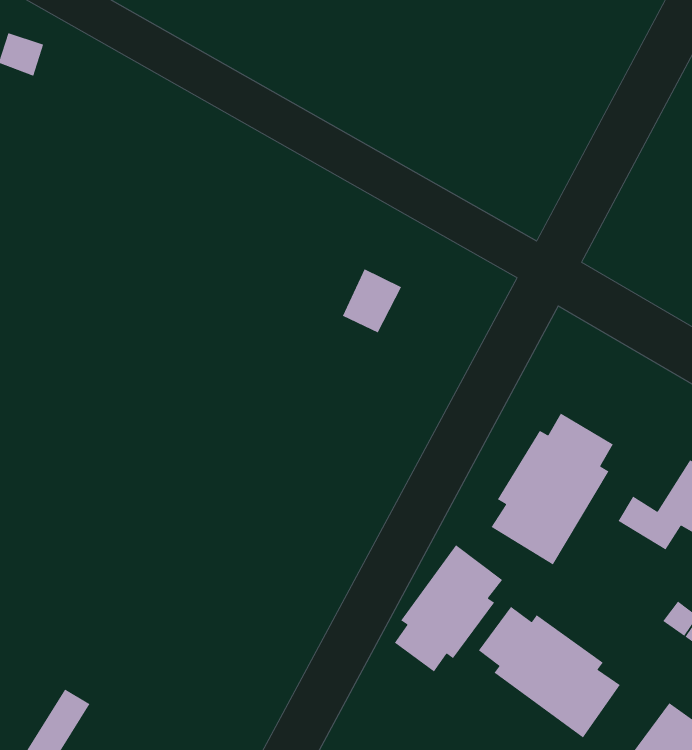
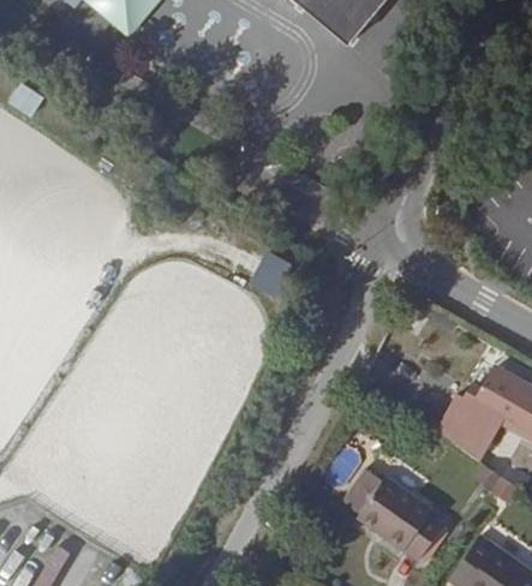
building: [491,412,614,565] -> none
building: [394,544,503,672] -> none

